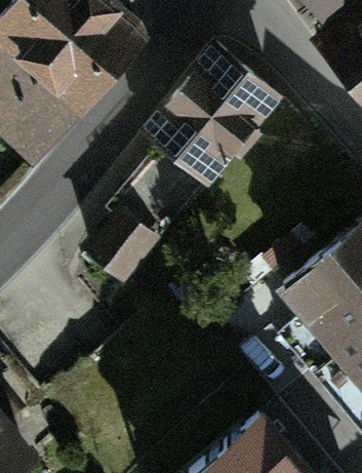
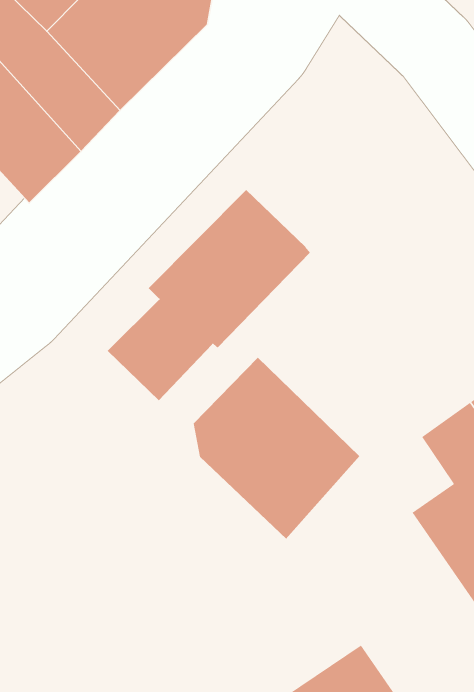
building: [152,44,278,173] -> none
building: none -> [193,357,360,539]

